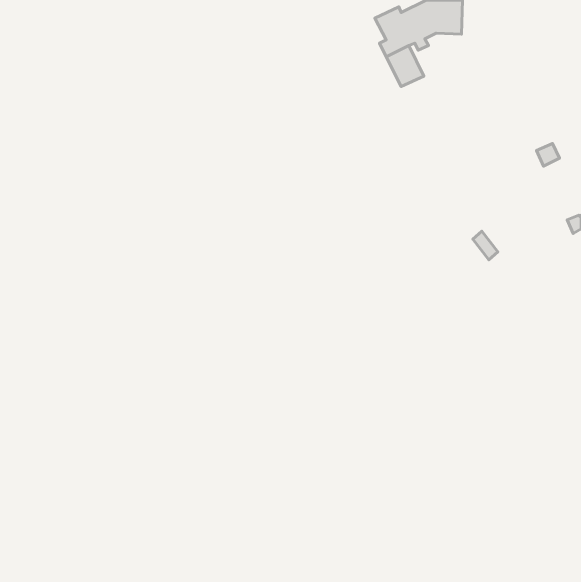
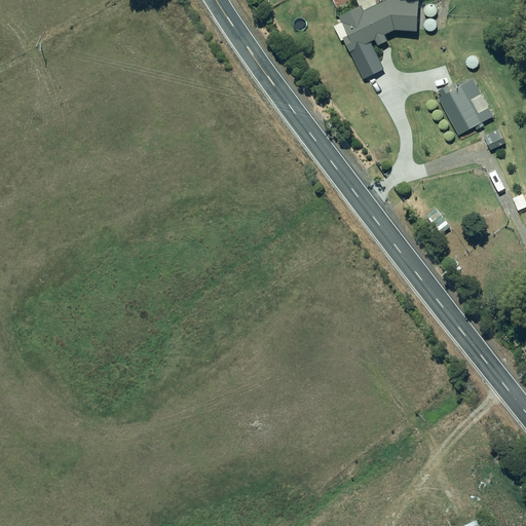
building: none -> [437,79,492,135]

